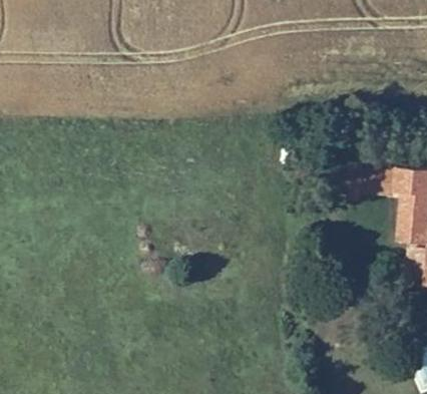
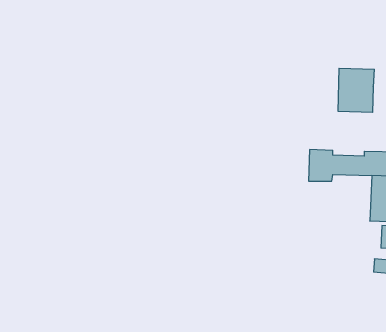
building: none -> [338,68,374,112]

